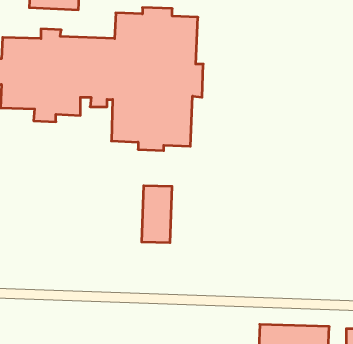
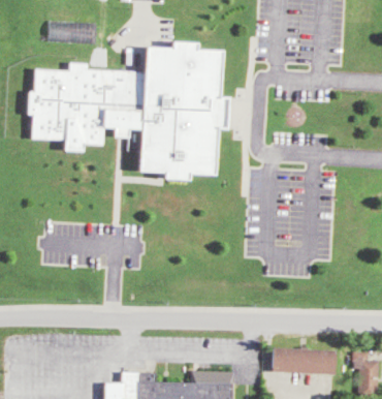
building: [142,186,172,243] -> none

